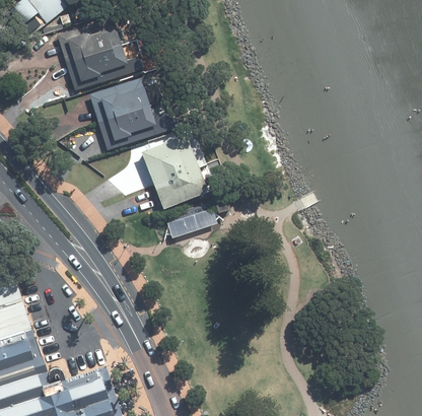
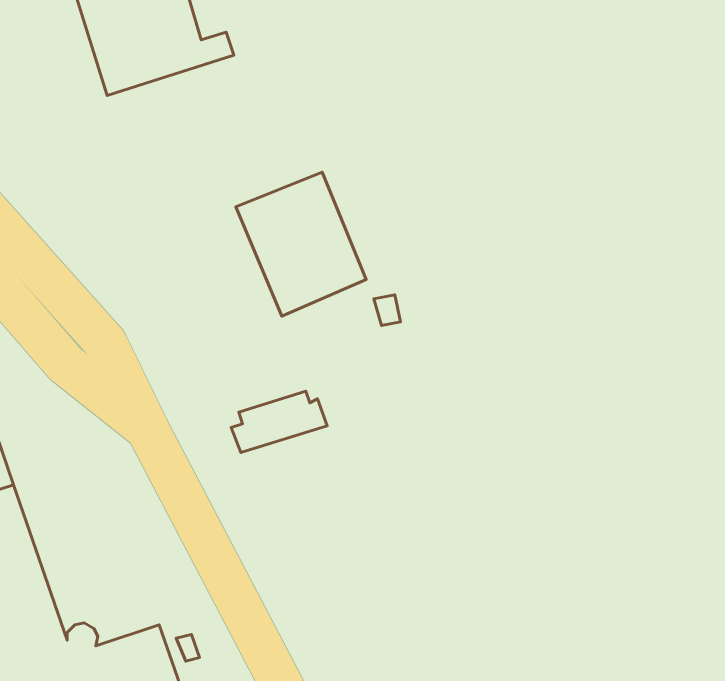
building: [86,79,156,151] -> none
building: [166,205,217,237] -> [231,391,327,453]

